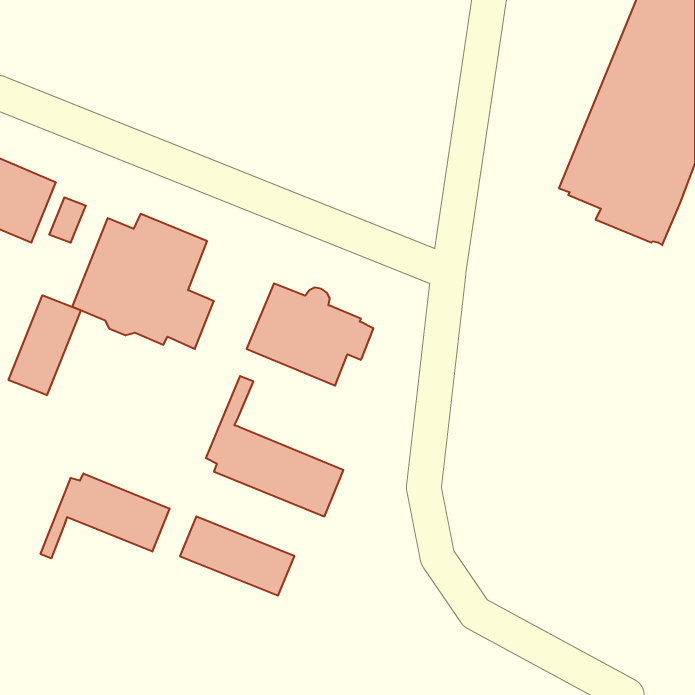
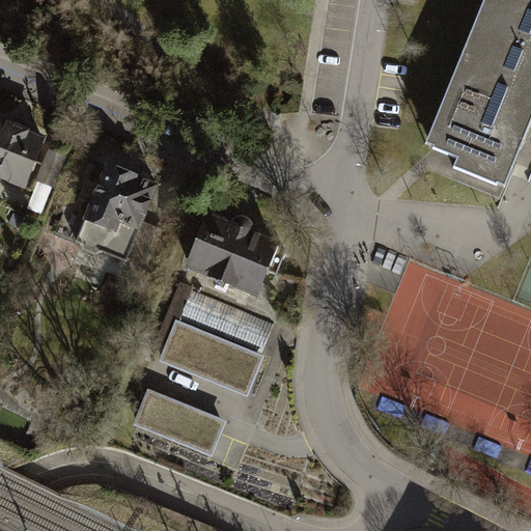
building: [9,295,81,395] -> none
building: none -> [180,290,274,353]
building: [41,473,170,558] -> none

